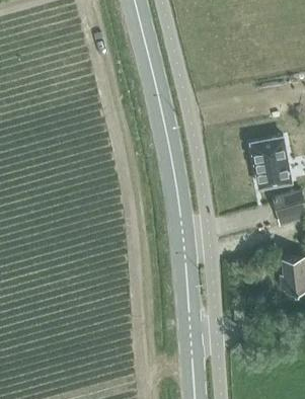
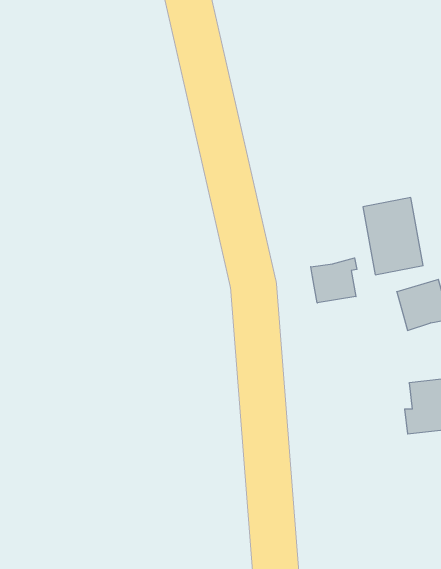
building: none -> [311,258,357,303]

